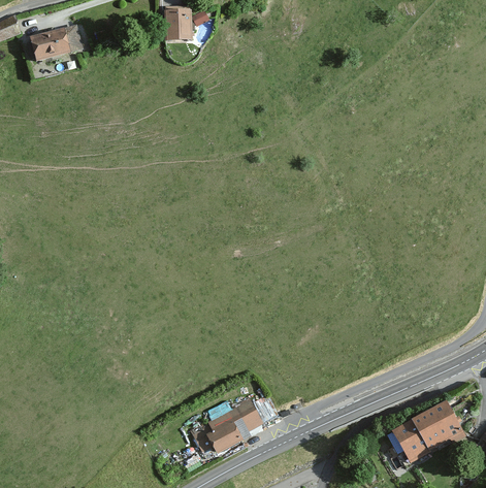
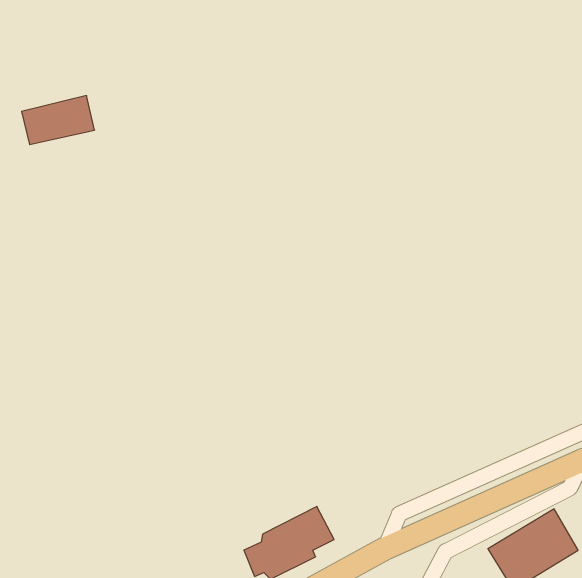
building: [165,9,193,41] -> none
building: [29,22,86,60] -> [22,96,95,145]

